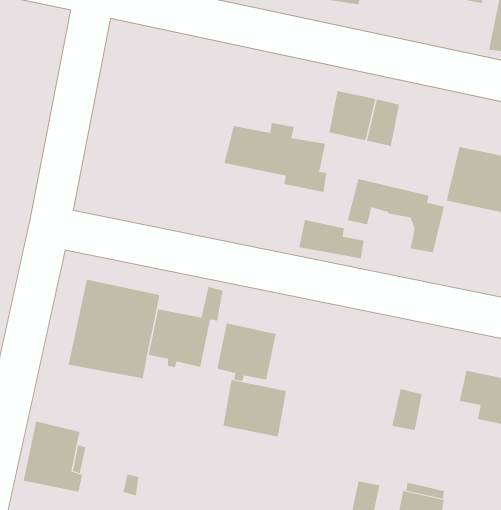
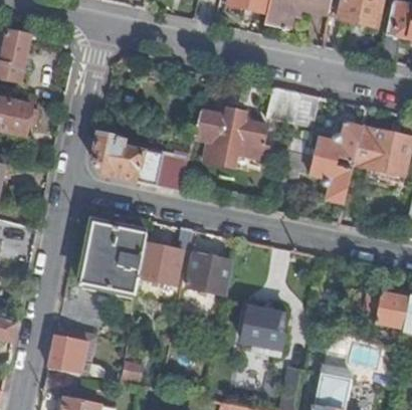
building: none -> [314,124,361,163]
building: none -> [91,135,188,185]
building: [299,220,364,259] -> [203,143,250,171]
building: [222,380,287,437] -> [242,309,288,350]

